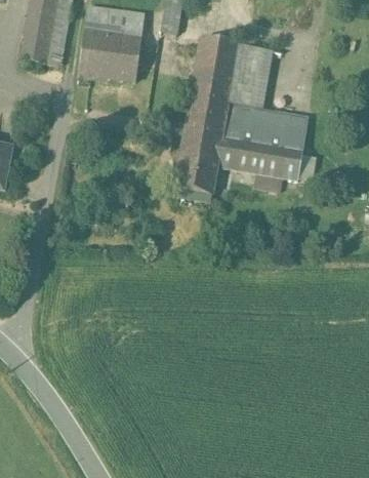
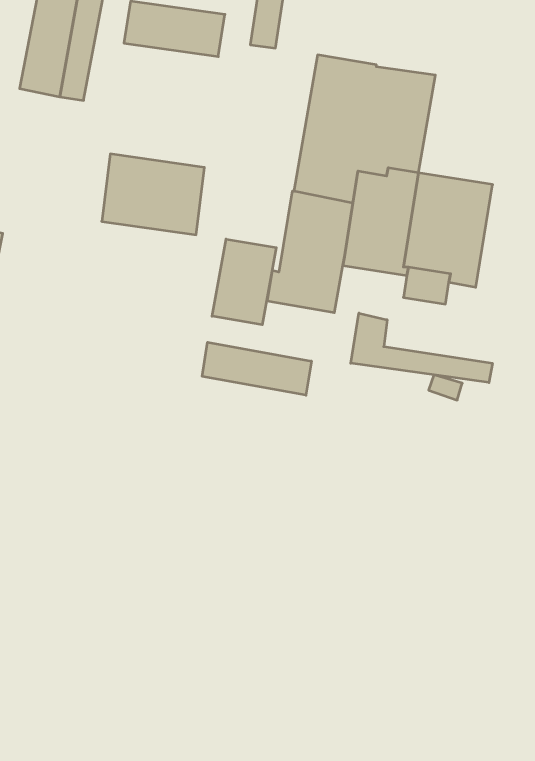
building: [79,31,141,80] -> [102,154,204,235]
building: none -> [212,239,276,325]
building: none -> [351,313,492,383]
building: none -> [202,342,311,395]

